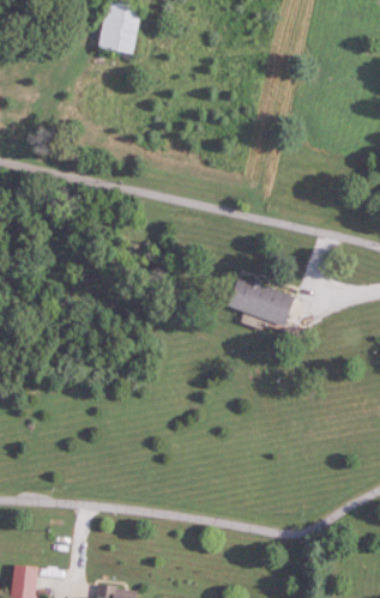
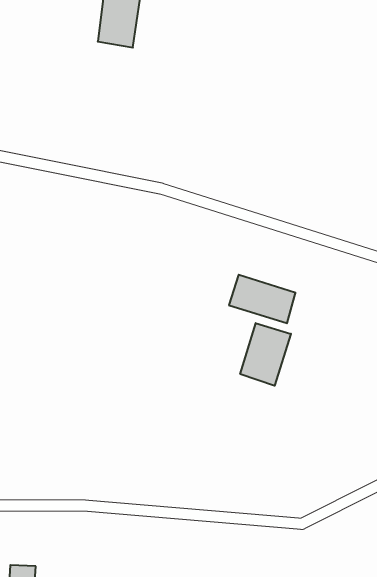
building: none -> [240,323,291,386]

